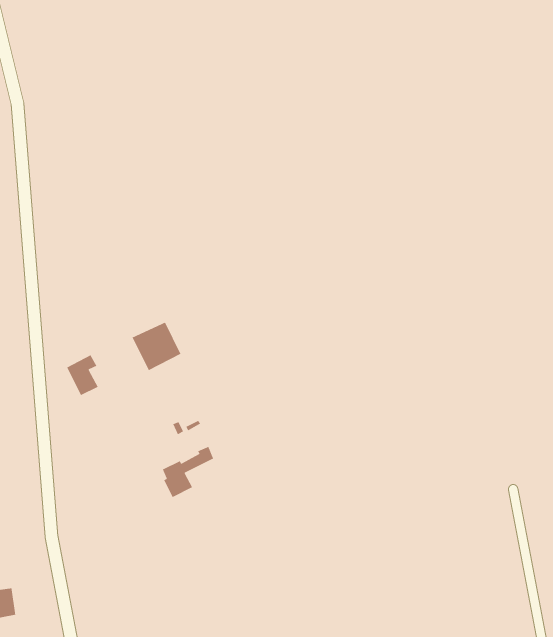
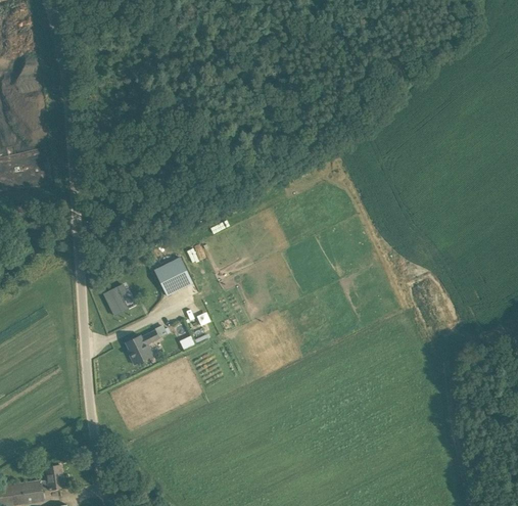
building: [162,446,214,498] -> [126,324,167,365]

